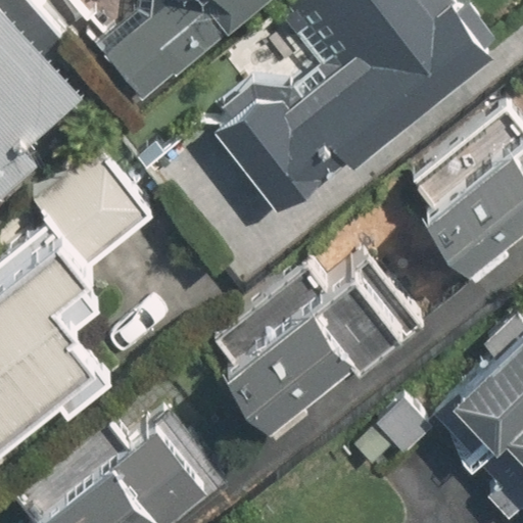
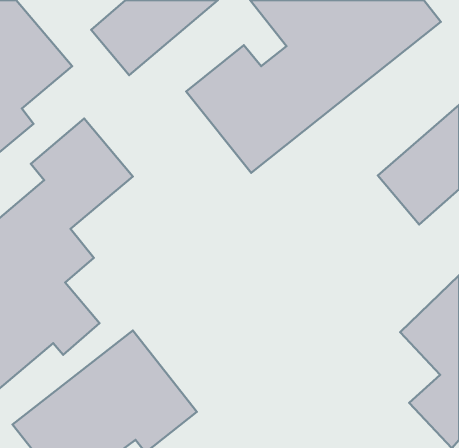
building: [210,243,425,422] -> none

